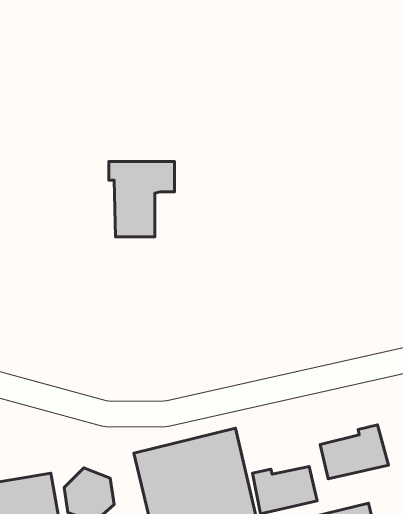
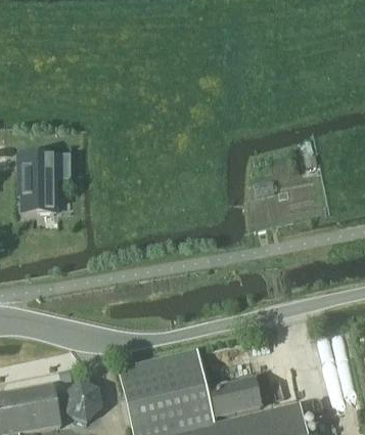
building: [109,162,175,237] -> [19,154,71,212]
building: [320,425,389,479] -> none

